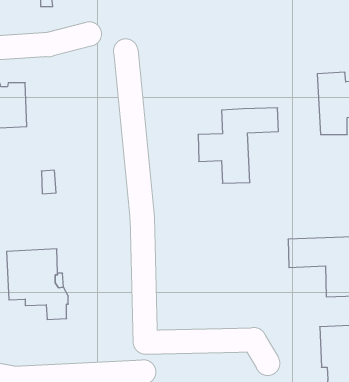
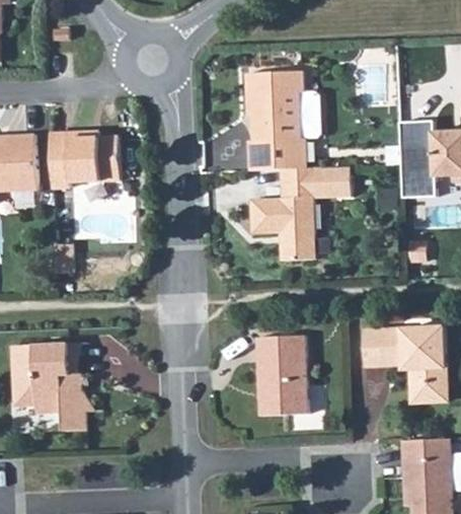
building: none -> [244,70,320,170]
building: none -> [49,132,120,189]
building: none -> [255,336,307,416]

